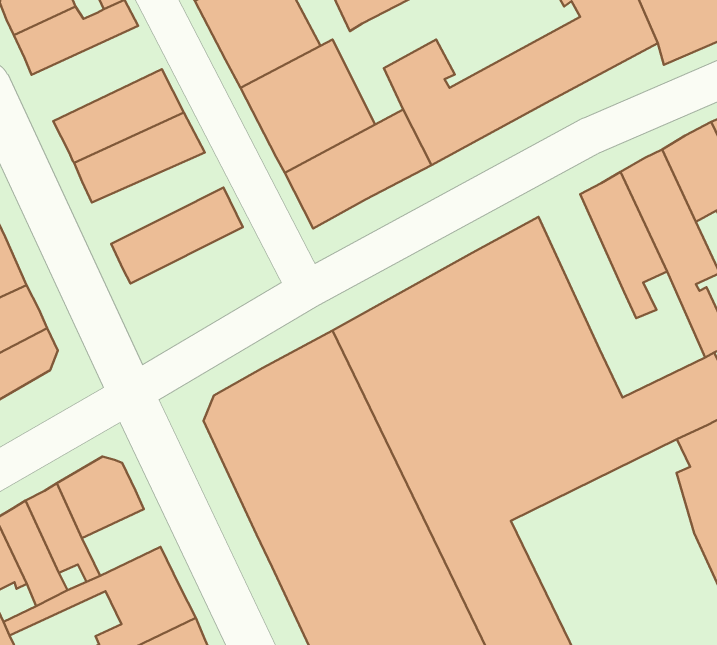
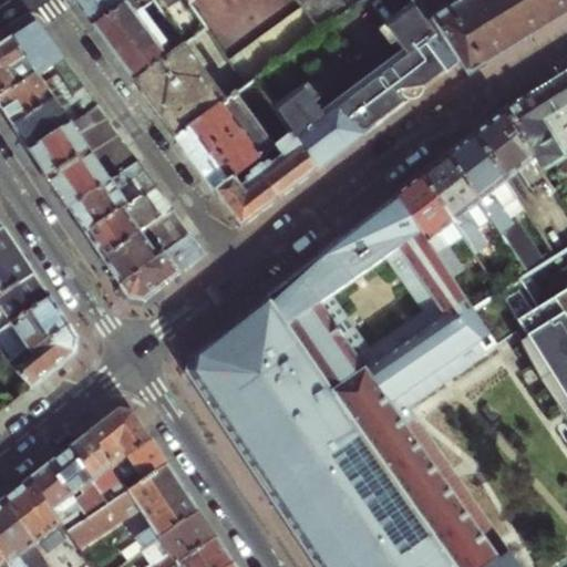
building: none -> [30,103,120,178]
building: none -> [85,184,175,257]
building: none -> [396,173,466,278]
building: none -> [121,231,207,298]
building: none -> [114,437,169,488]

